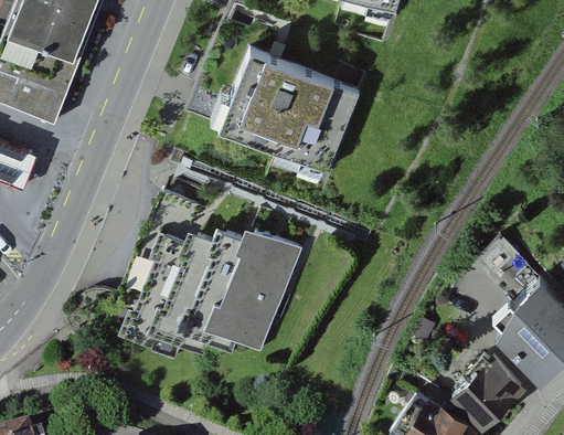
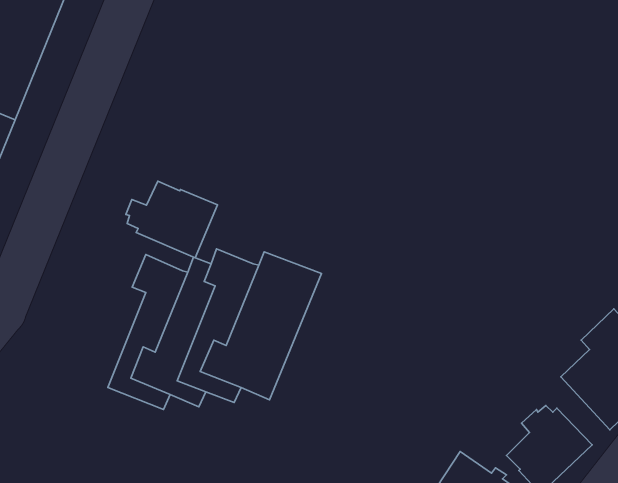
building: [219,45,360,168] -> none
building: none -> [126,181,217,258]

